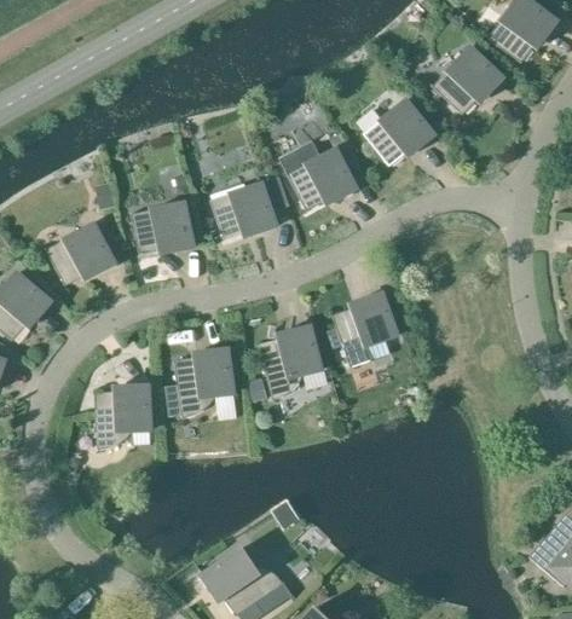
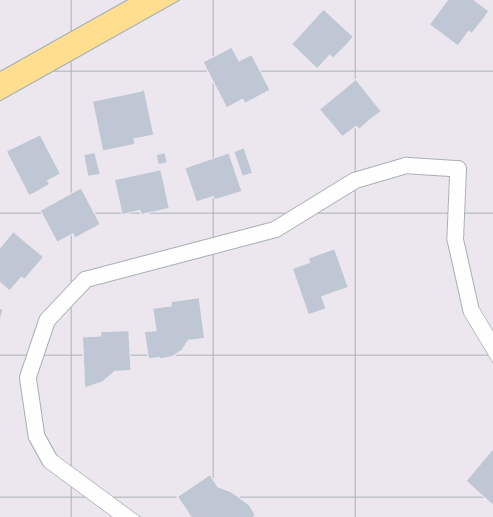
building: [433,45,504,112] -> [291,9,353,69]
building: none -> [93,89,154,151]
building: [281,139,357,208] -> [203,47,270,108]
building: none -> [6,134,60,196]
building: [260,324,322,399] -> none

